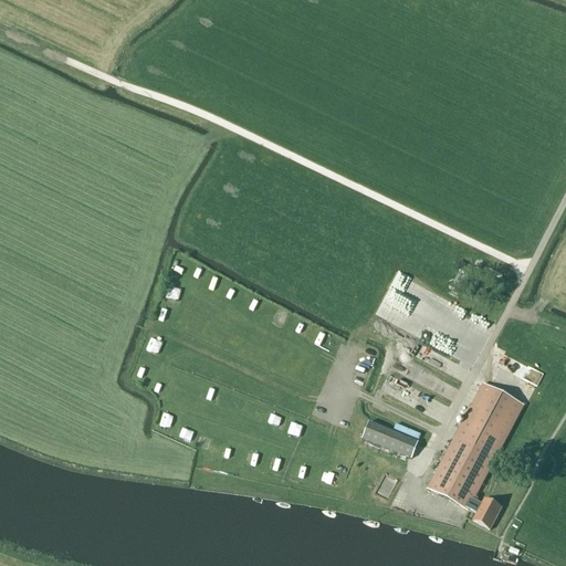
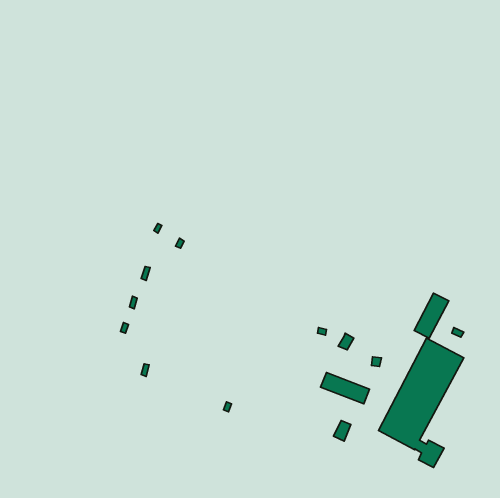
building: none -> [414,293,449,338]

